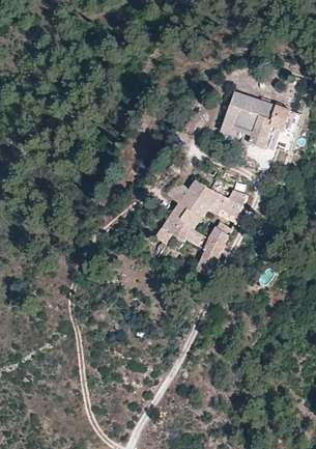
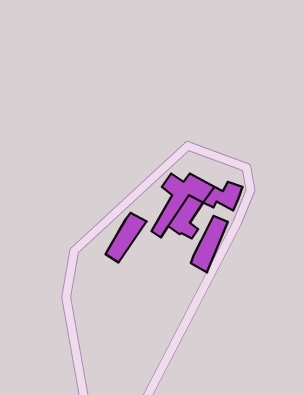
building: [223,90,292,148] -> none
building: none -> [106,213,147,263]

